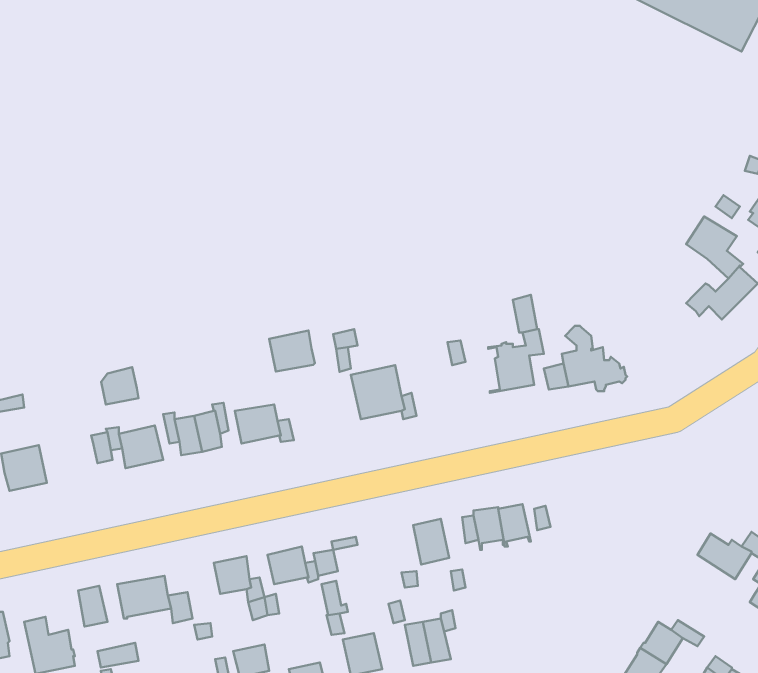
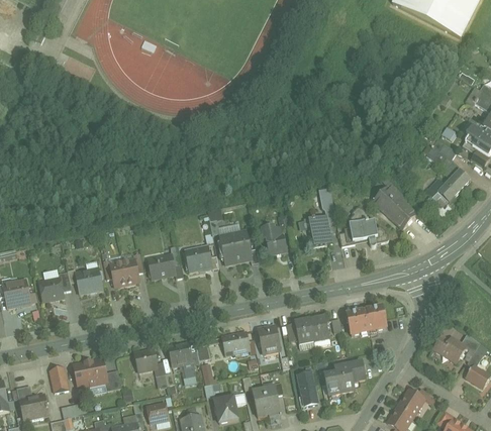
building: none -> [373,187,415,229]
building: [269,331,315,371] -> [184,245,212,271]
building: none -> [260,224,286,254]
building: [101,367,139,405] -> [39,278,63,301]
building: none -> [346,306,385,334]
building: none -> [221,331,250,354]
building: none -> [323,361,365,396]
building: none -> [297,372,317,406]

